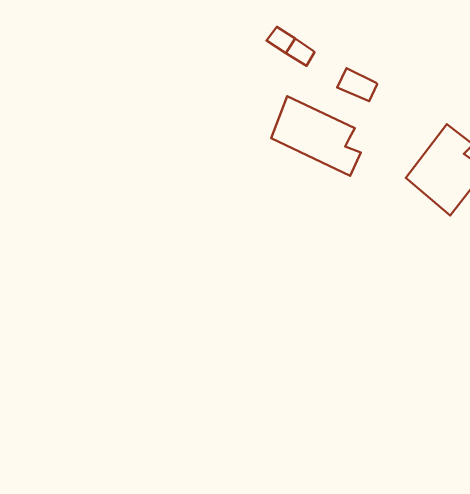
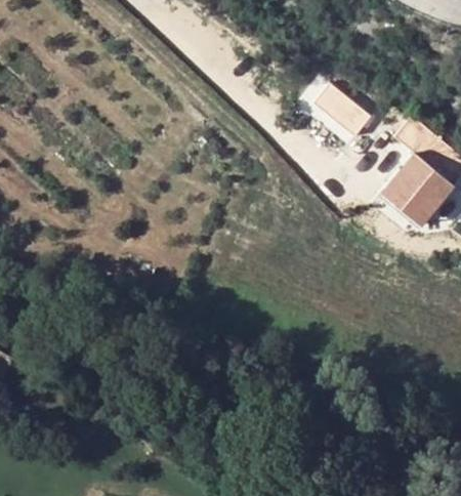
building: [271,96,361,176] -> none

